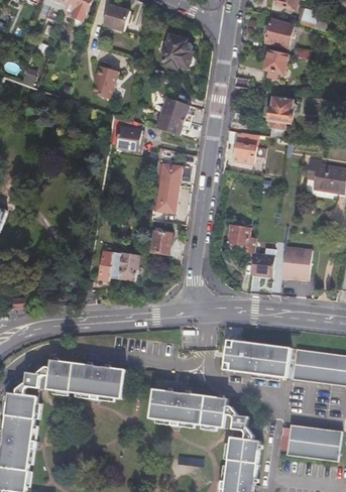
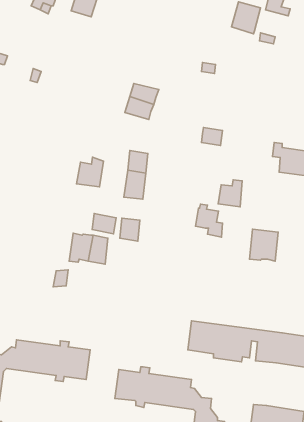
building: [164,35,197,74] -> none
building: [264,49,287,79] -> none
building: [93,66,118,99] -> none
building: [267,98,298,138] -> none
building: [116,119,143,149] -> [76,157,103,187]
building: none -> [92,214,116,234]
building: [252,249,276,276] -> [218,180,242,207]

